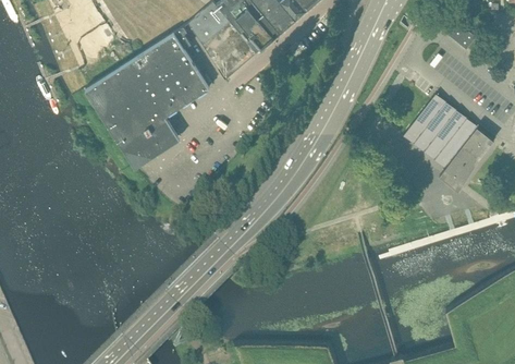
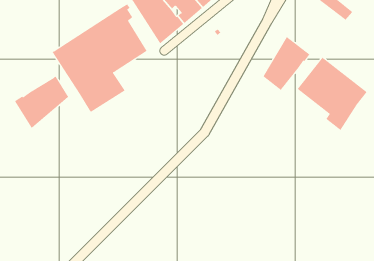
building: none -> [263,36,310,91]
building: none -> [14,76,69,129]

